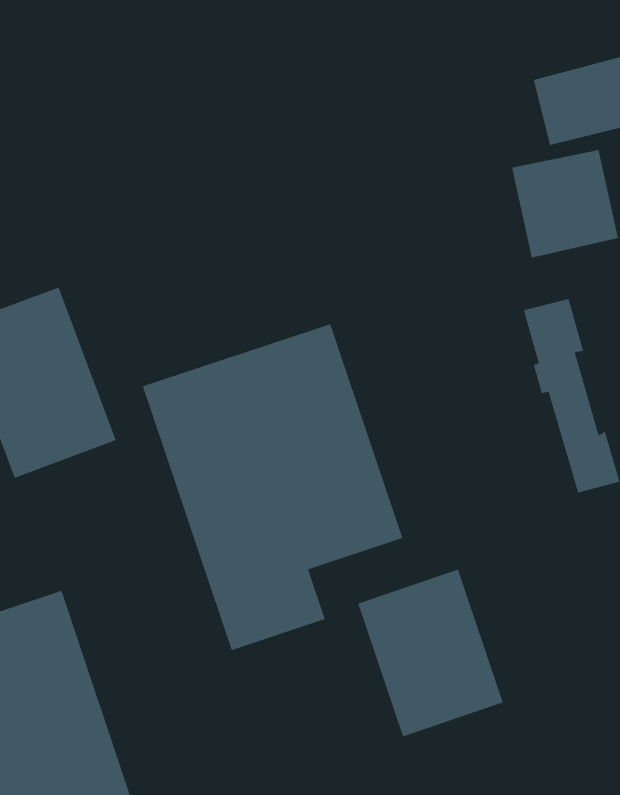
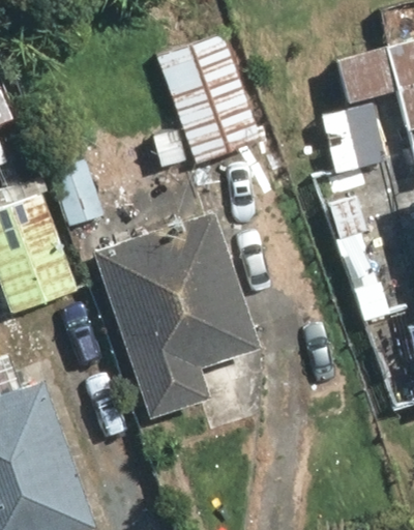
building: none -> [156,34,262,164]
building: [357,569,504,738] -> none

